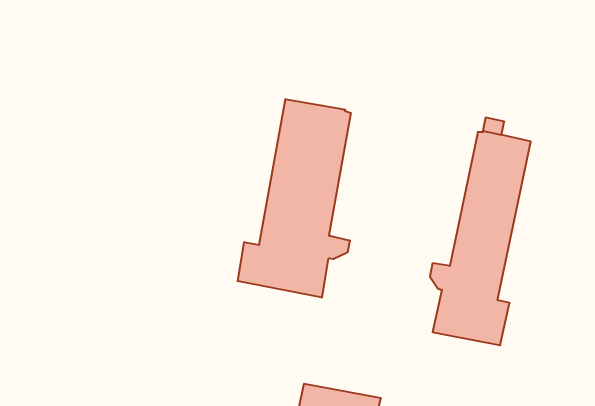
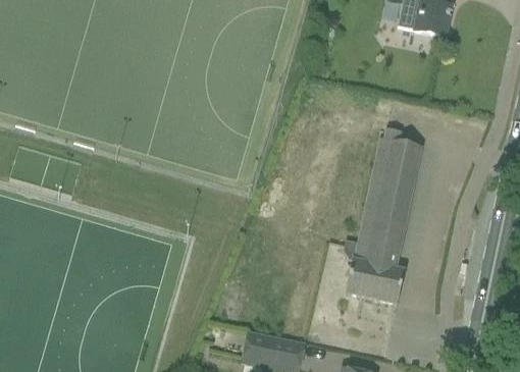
building: [238,99,351,298] -> none

